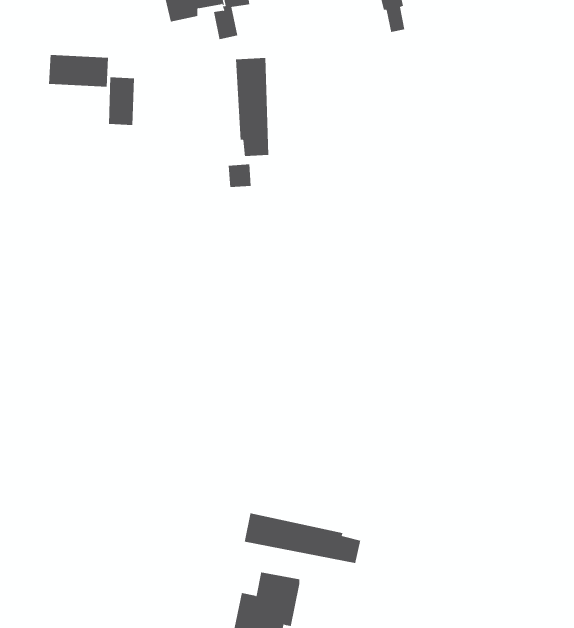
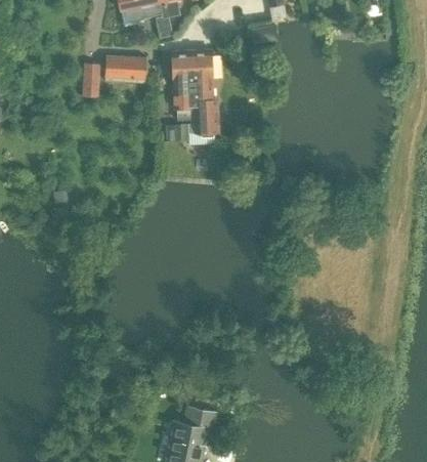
building: [48,55,109,87] -> [105,54,147,77]
building: none -> [186,50,214,140]
building: [244,513,361,564] -> none

